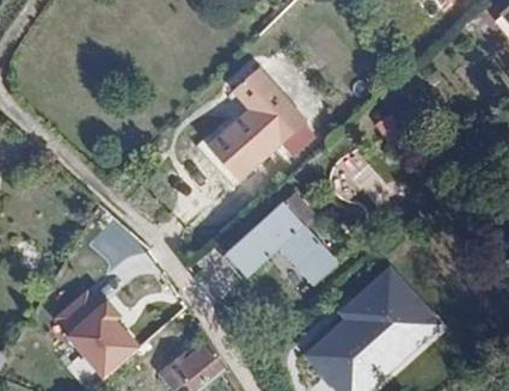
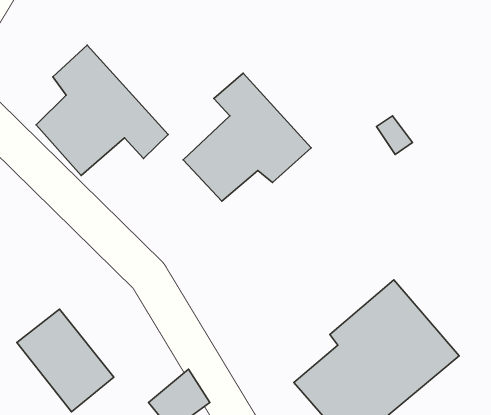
building: none -> [36,45,168,175]
building: [225,190,344,276] -> none

